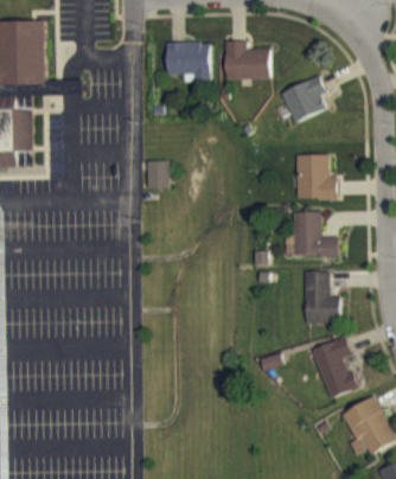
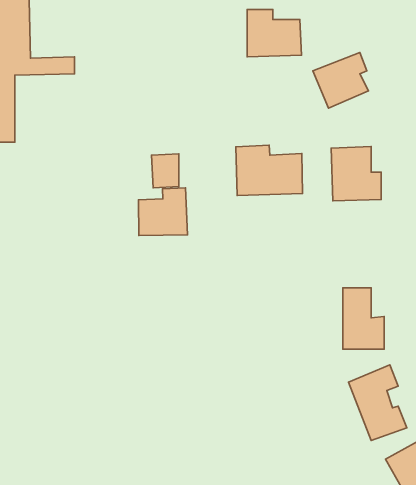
building: [166,40,210,79] -> none
building: none -> [236,145,303,196]
building: none -> [139,188,188,236]
building: [292,210,338,255] -> none

